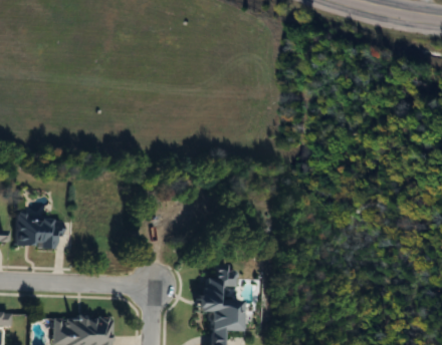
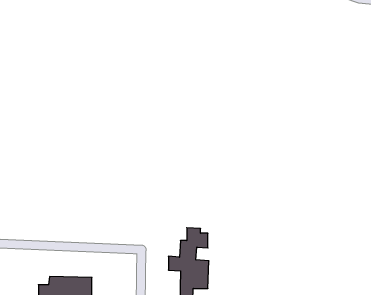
building: [18,215,59,246] -> none

